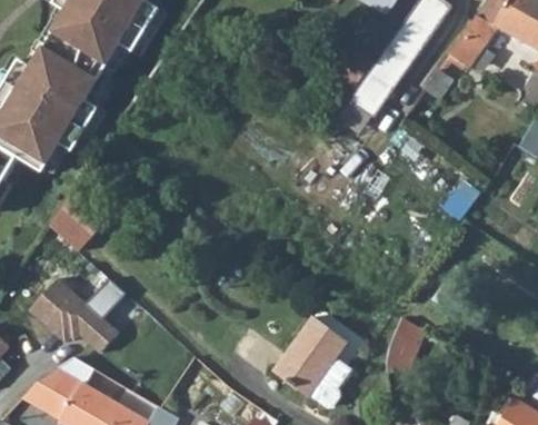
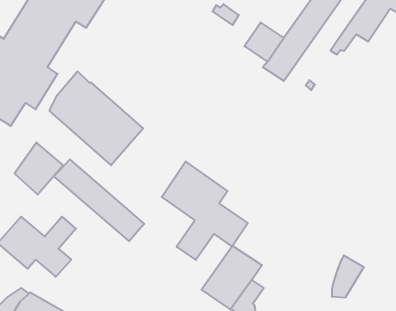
building: none -> [50,71,143,165]
building: none -> [54,159,144,241]
building: none -> [162,161,248,260]
building: [387,316,426,367] -> [332,255,364,298]

